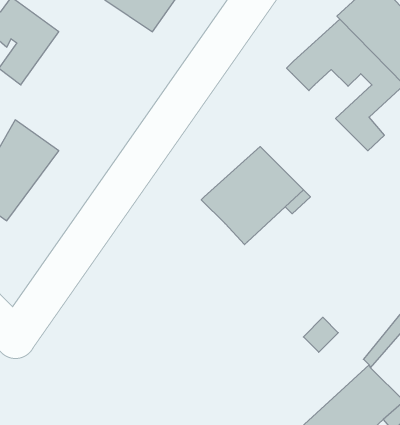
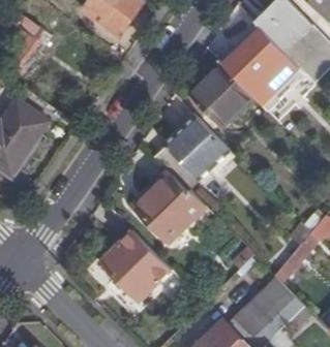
building: none -> [192,64,252,125]
building: none -> [134,175,208,243]
building: none -> [98,228,171,302]

